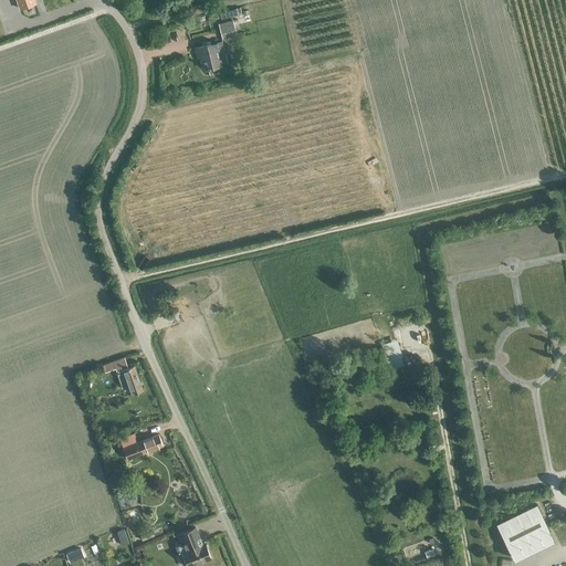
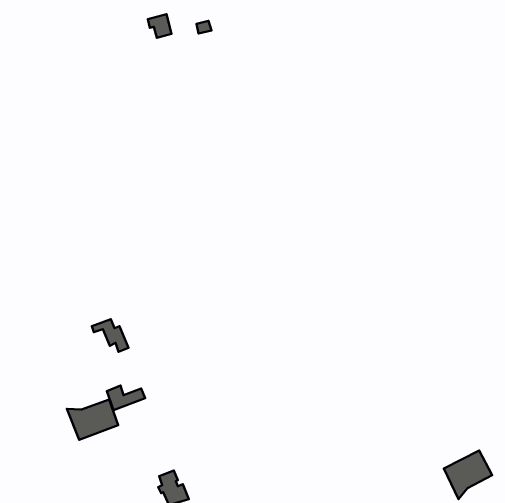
building: [196,43,222,70] -> [148,14,172,38]
building: none -> [67,400,118,440]

